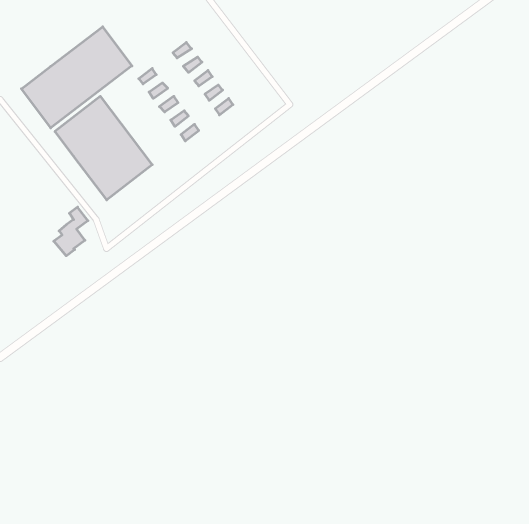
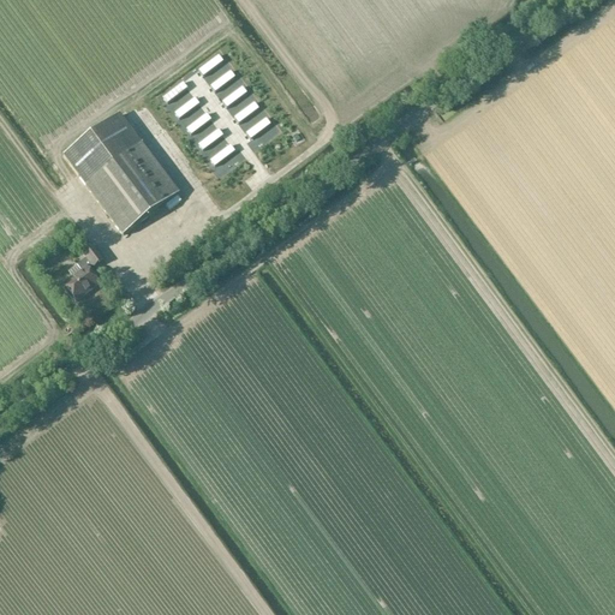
building: [21,27,132,128] -> none

